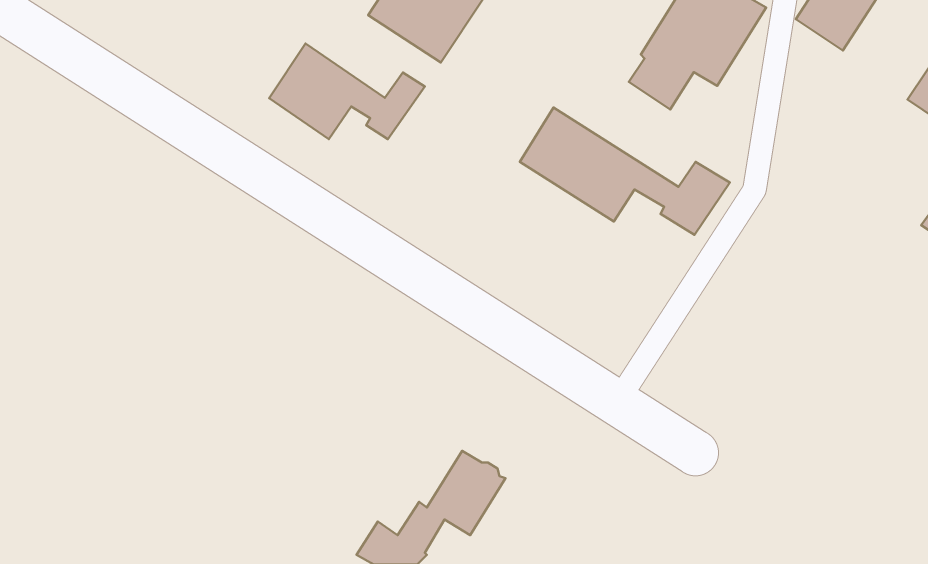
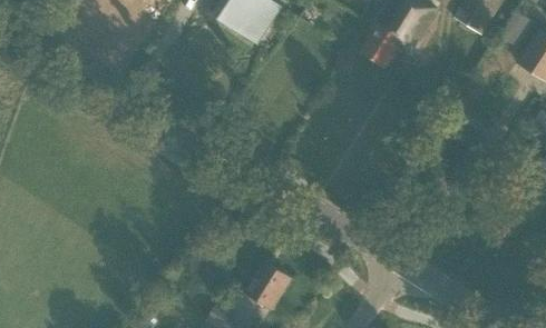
building: [269,44,425,139] -> none
building: [520,108,730,235] -> none

